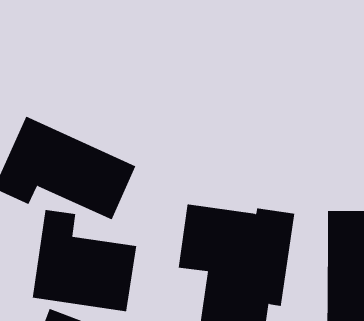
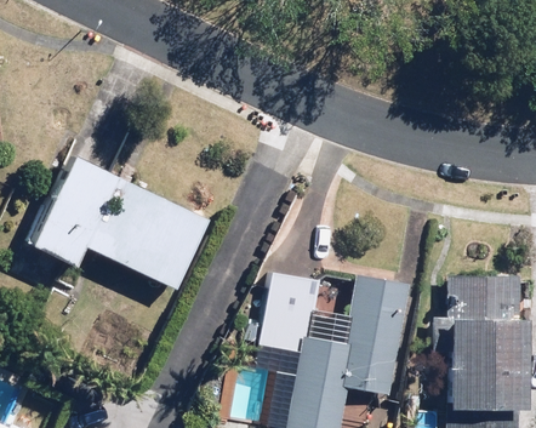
building: [32,209,137,312] -> none

